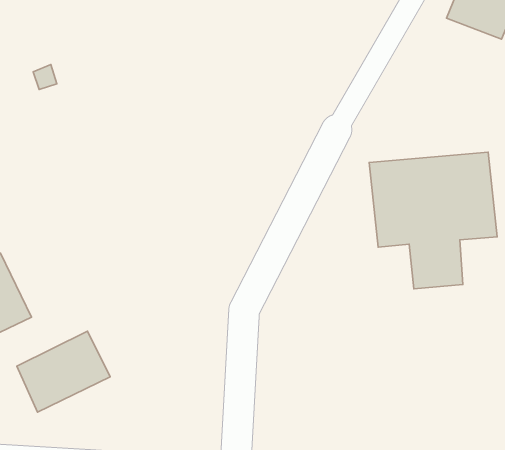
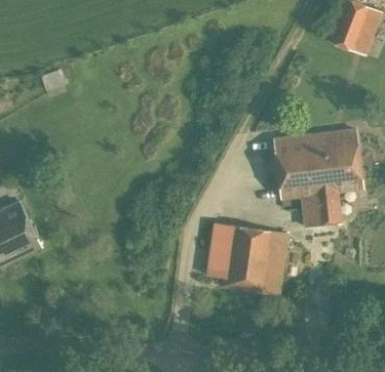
building: none -> [206,222,288,295]
building: [17,331,110,412] -> none

